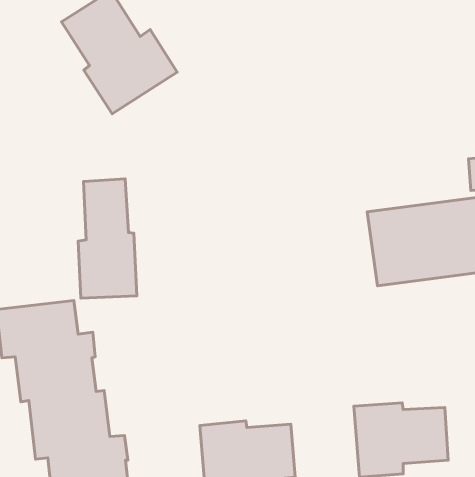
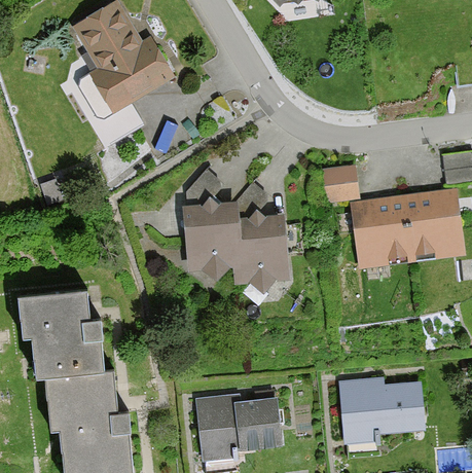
building: none -> [320,165,358,203]
building: none -> [185,170,293,293]
building: [78,179,137,298] -> none

